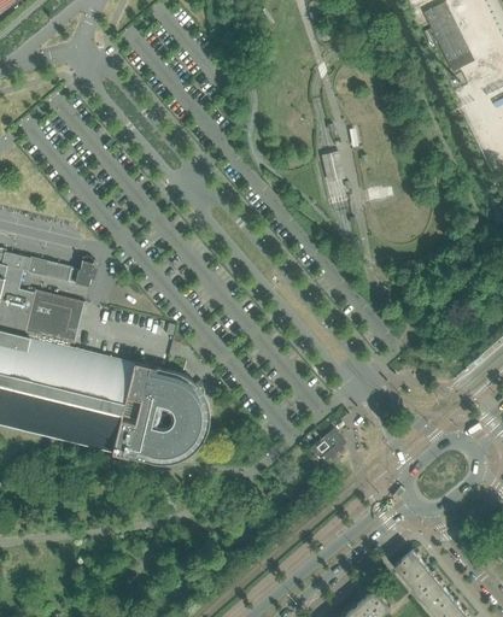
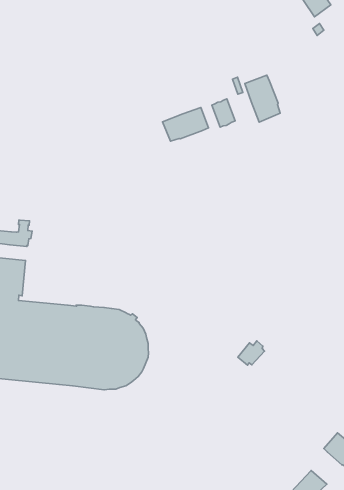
building: none -> [245,75,280,122]
building: none -> [162,108,208,141]

